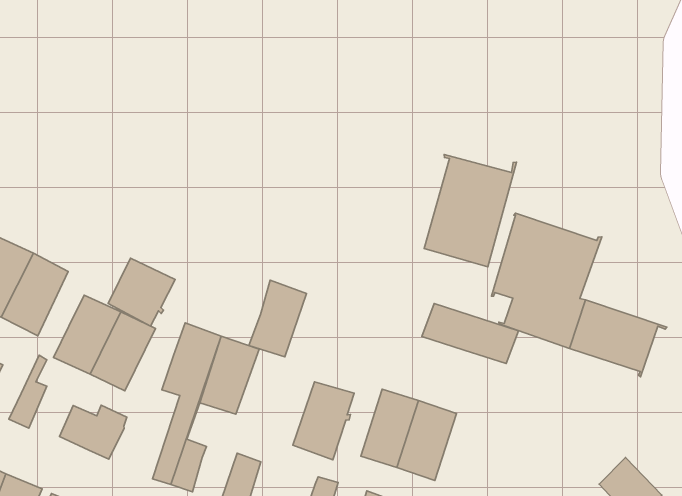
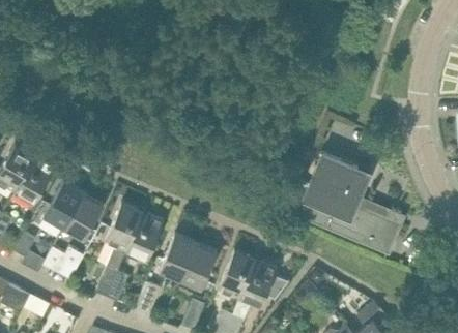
building: [424,154,517,267] -> none
building: [108,258,175,326] -> none
building: [249,280,307,357] -> [160,234,196,279]
building: [422,304,518,364] -> none

